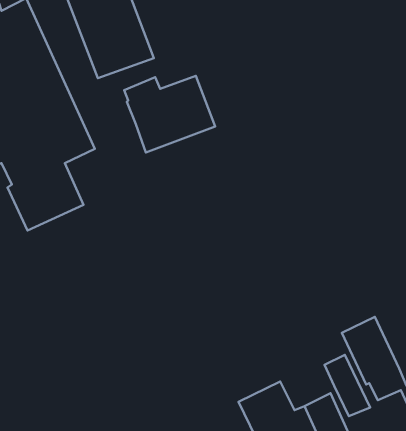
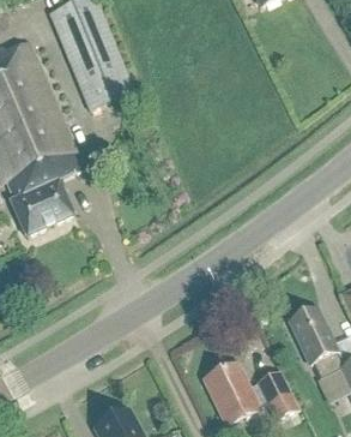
building: [124,76,215,152] -> none
building: [325,355,370,416] -> none

